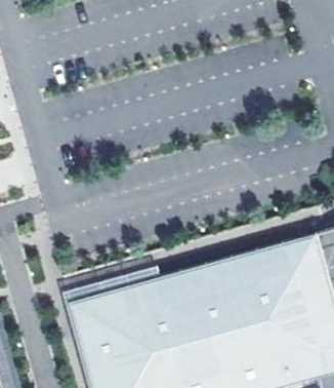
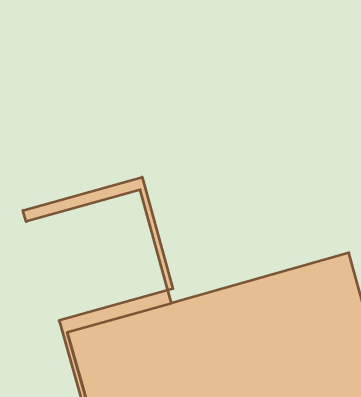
building: none -> [23,177,173,290]

